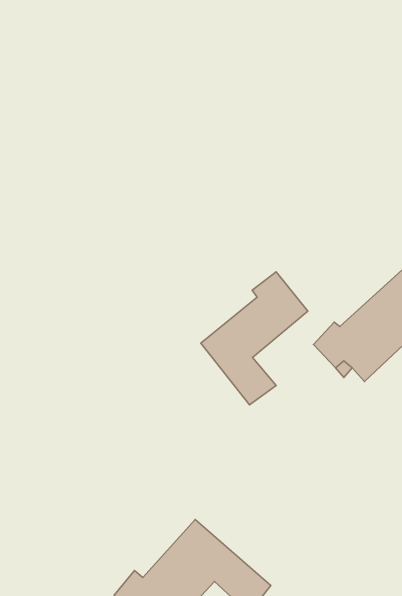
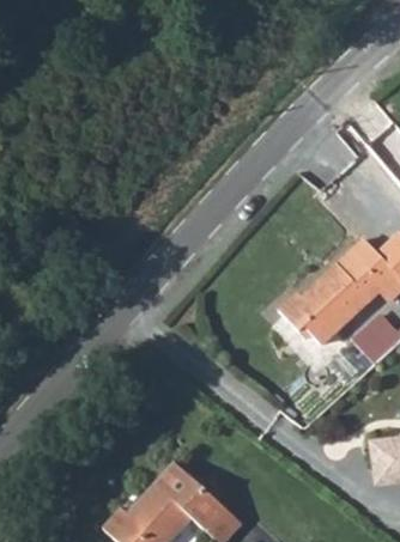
building: [201,272,308,405] -> none

